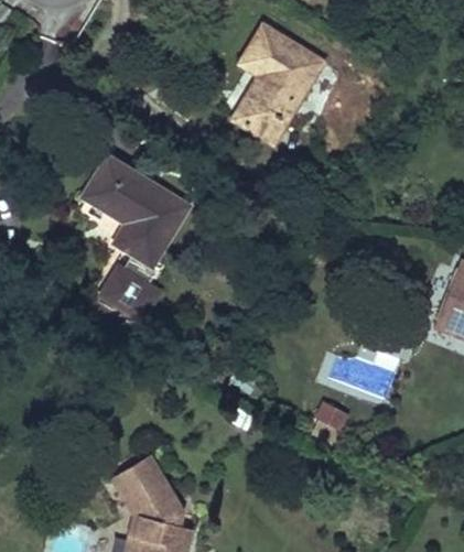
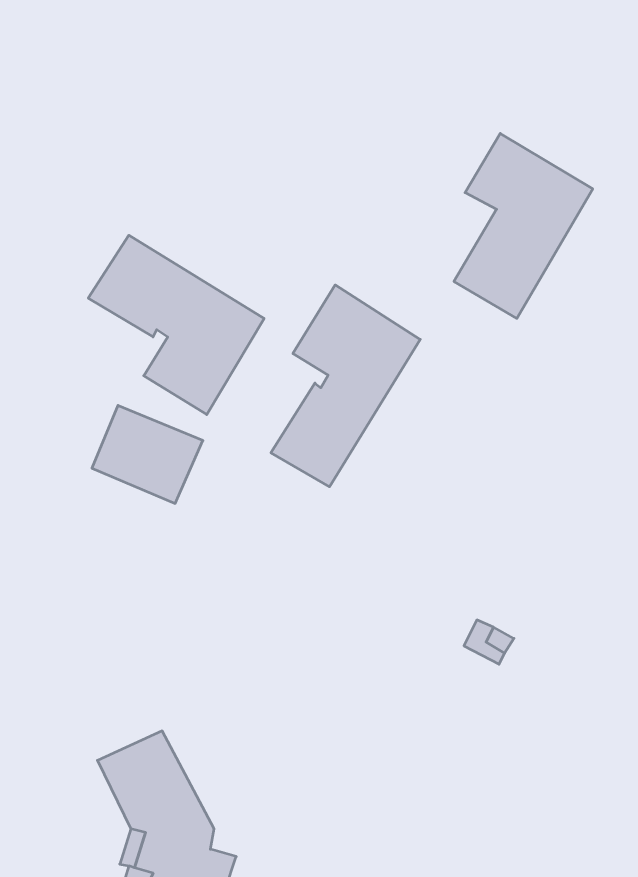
building: [244,31,326,141] -> [454,133,593,318]
building: none -> [271,285,420,487]

